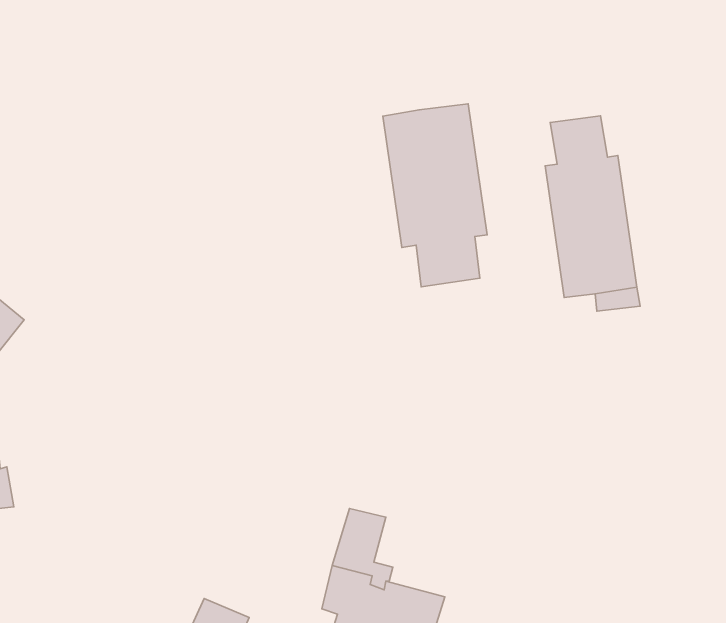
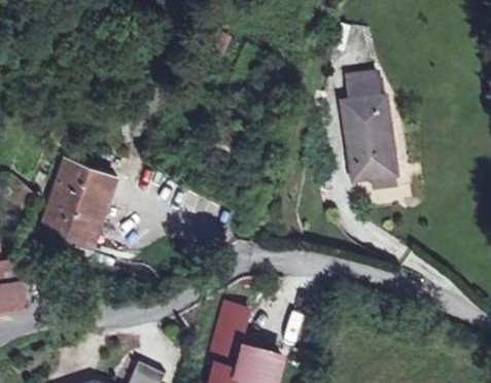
building: [383,104,487,287] -> none
building: none -> [41,161,116,248]

